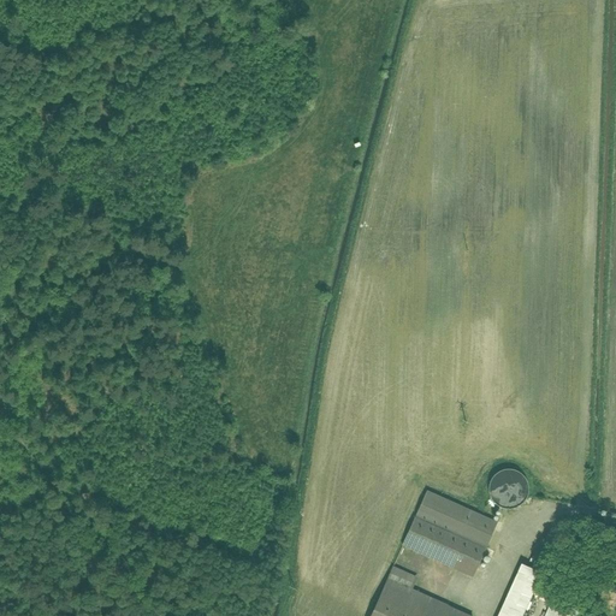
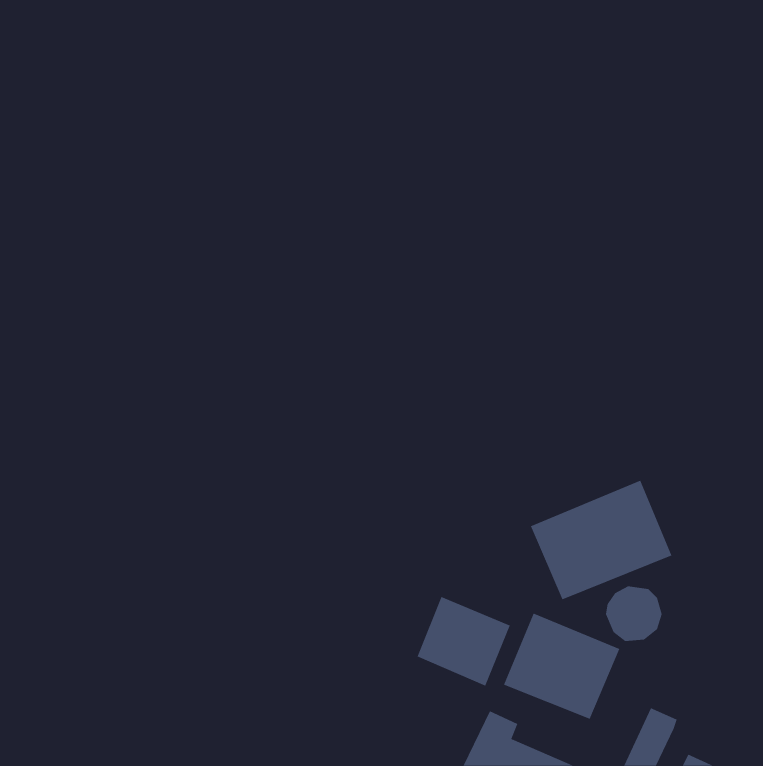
building: none -> [530,480,672,600]
building: none -> [417,596,511,687]

